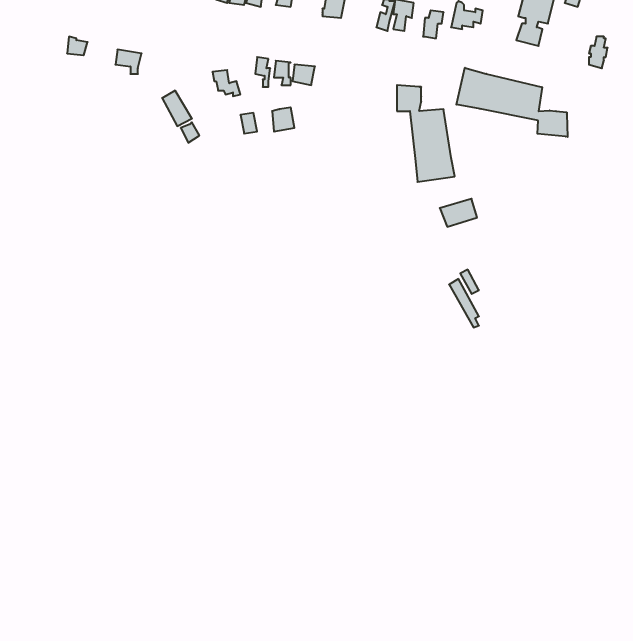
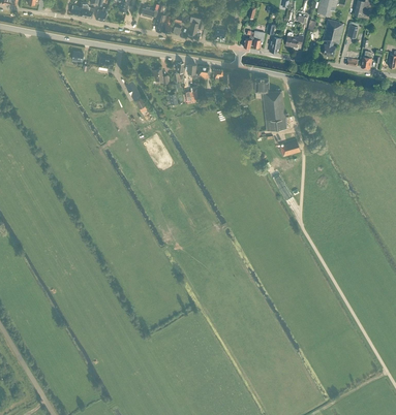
building: [456,68,568,137] -> none

